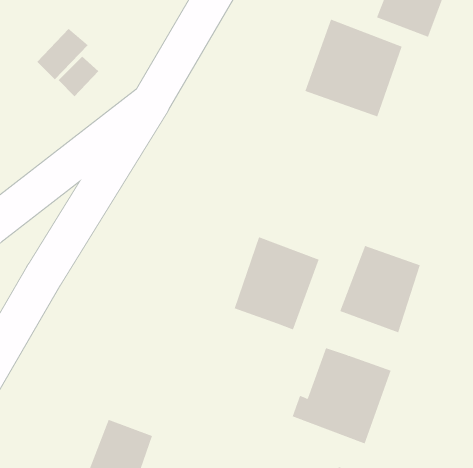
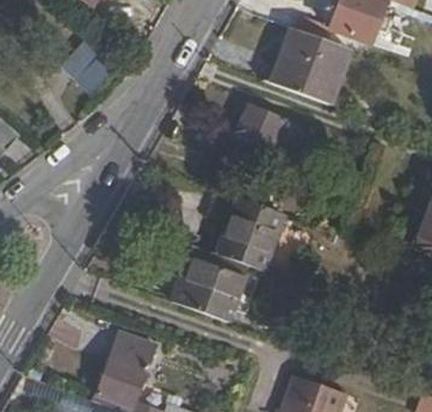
building: none -> [236,105,285,148]
building: [340,245,420,333] -> none
building: [292,348,391,444] -> [171,248,248,324]

